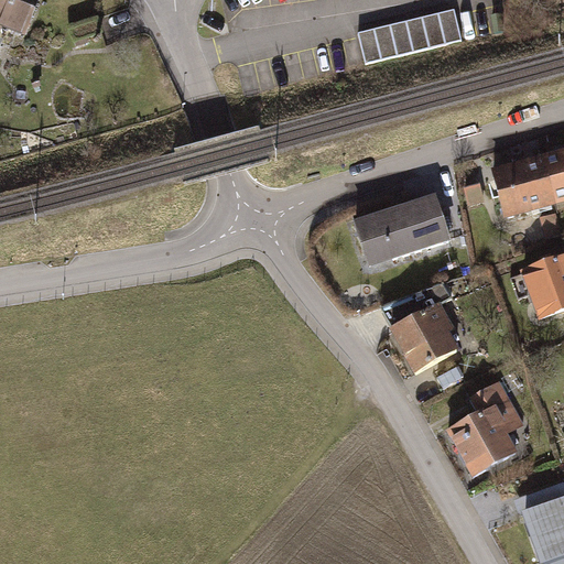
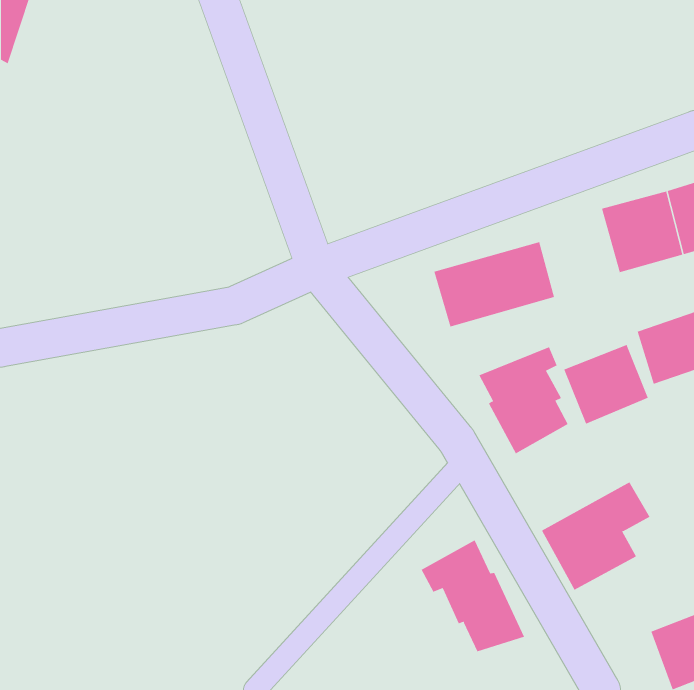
building: [359,8,464,61] -> none
building: none -> [564,344,648,424]
building: none -> [421,540,525,652]

